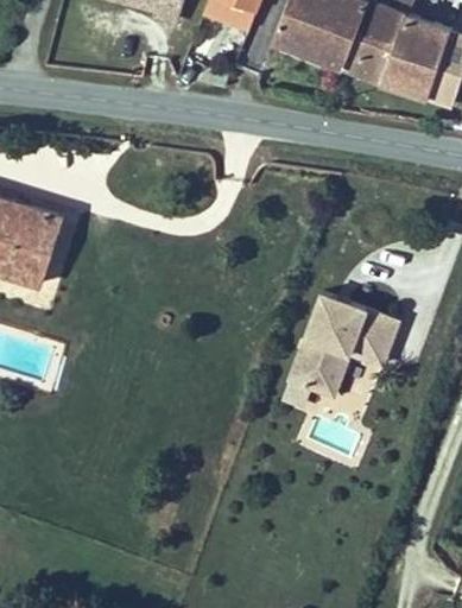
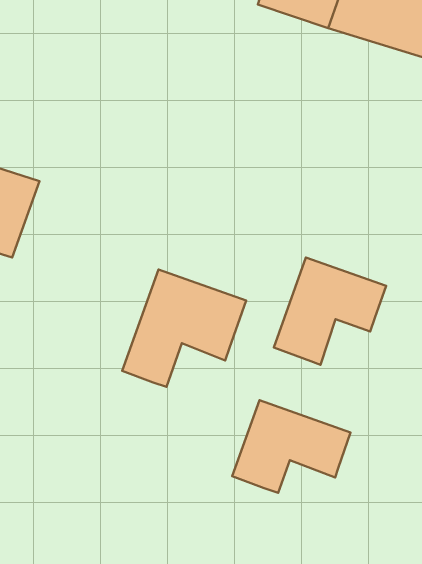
building: none -> [122,269,246,387]
building: none -> [232,400,350,493]

